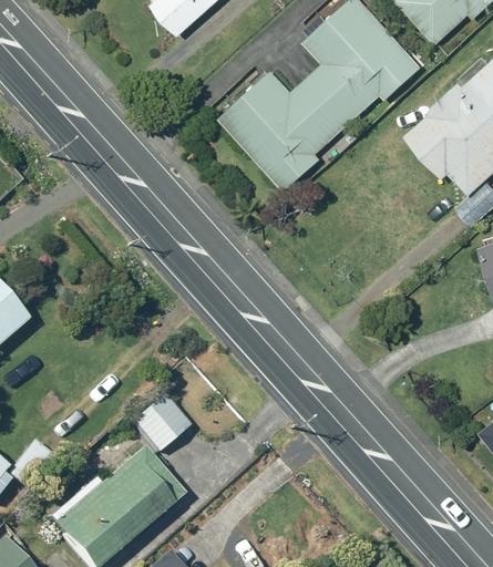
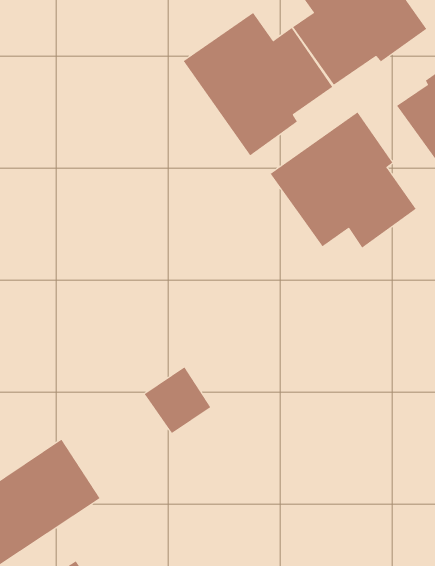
building: none -> [270,111,417,248]
building: [134,393,193,452] -> [144,366,211,434]

